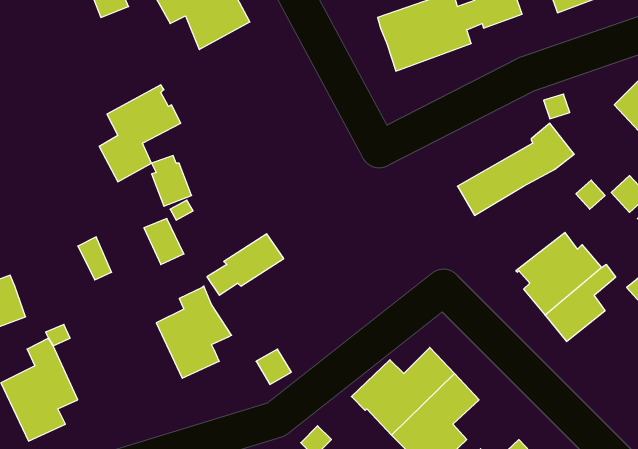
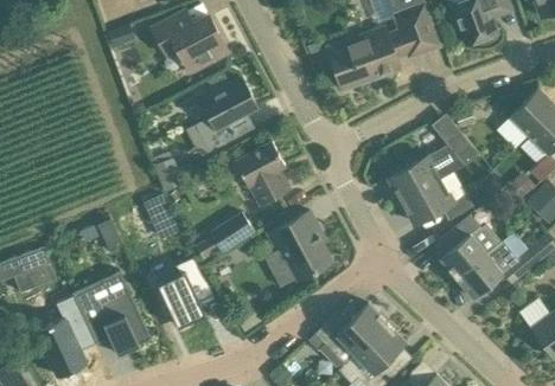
building: [99,85,181,182] -> [194,78,257,153]
building: none -> [231,142,289,206]
building: none -> [402,179,473,224]
building: none -> [264,211,331,285]
building: none -> [94,288,149,353]

